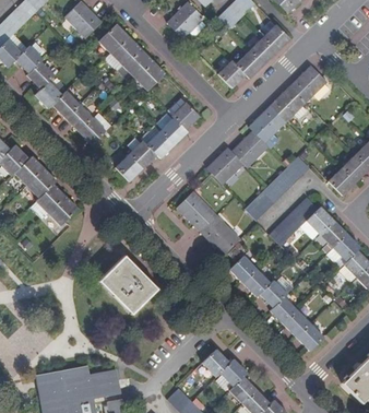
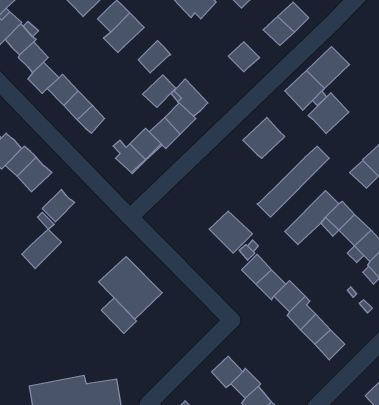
building: [122,48,153,78] -> [142,75,176,107]
building: [235,50,264,80] -> none
building: [248,106,285,143] -> [308,93,349,134]
building: [206,148,243,185] -> none
building: [29,184,66,220] -> [22,229,61,269]
building: [176,190,217,232] -> none
building: none -> [101,298,137,333]

